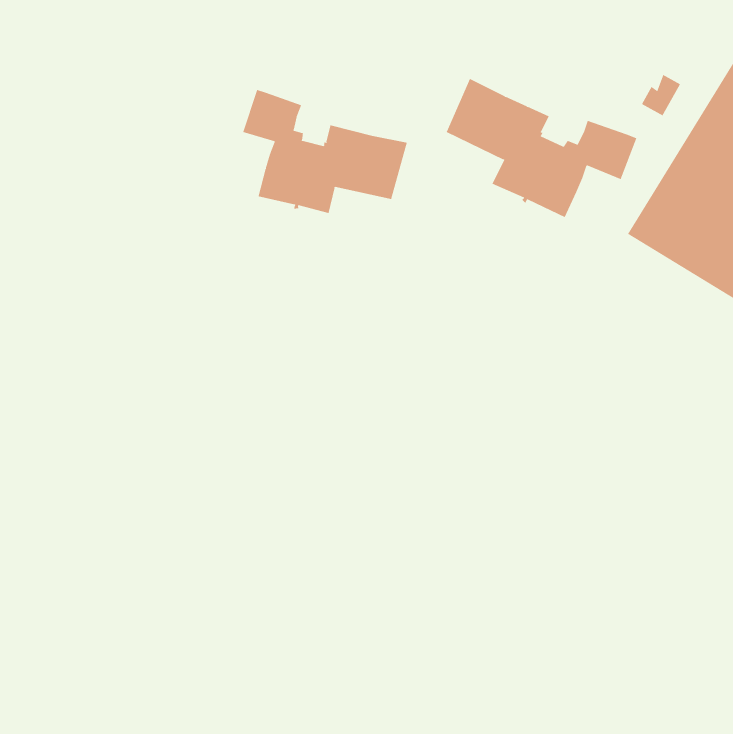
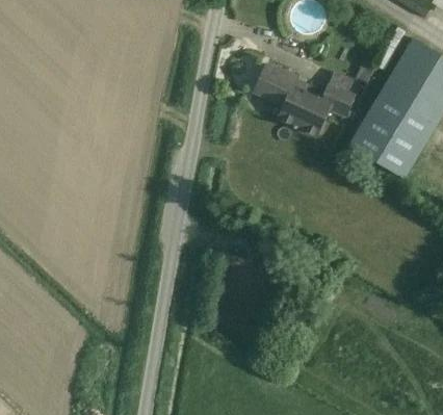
building: [242,89,408,214] -> none

